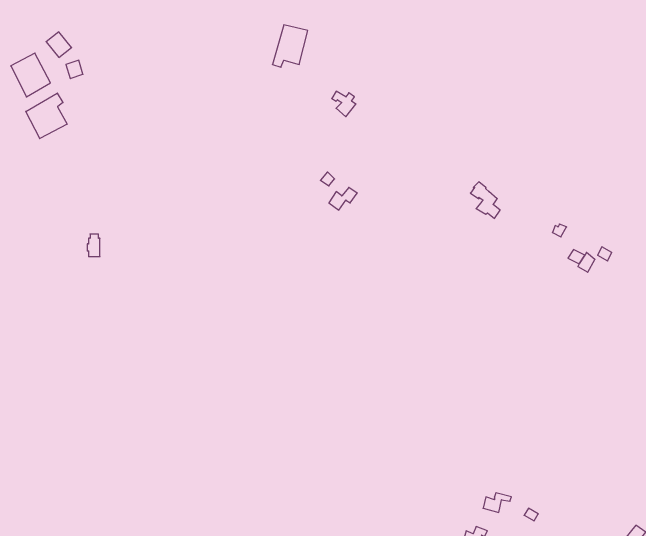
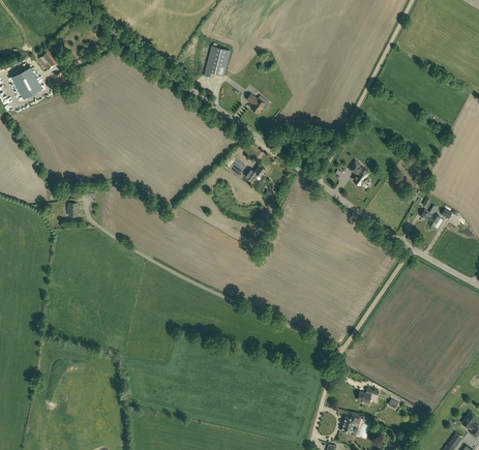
building: [26,93,67,139] -> none

